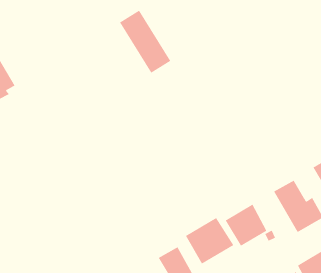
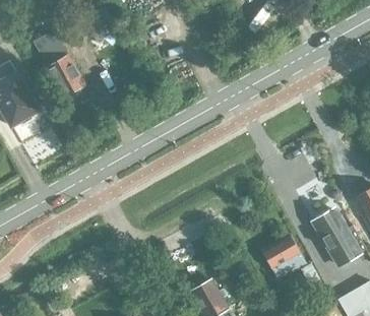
building: [119,10,171,73] -> [30,29,85,97]
building: [185,217,234,264] -> none

